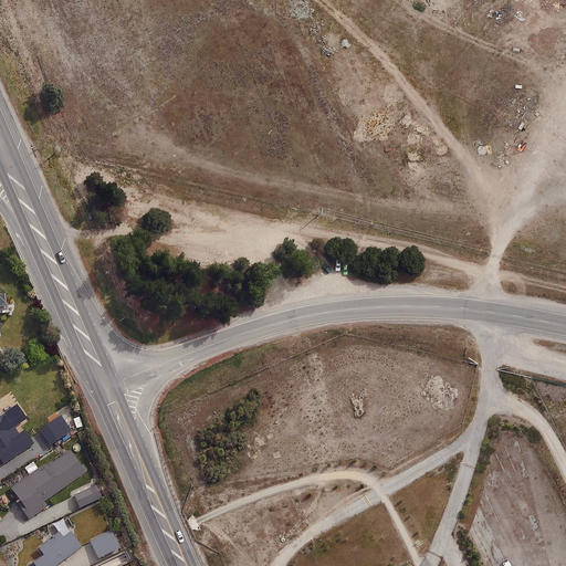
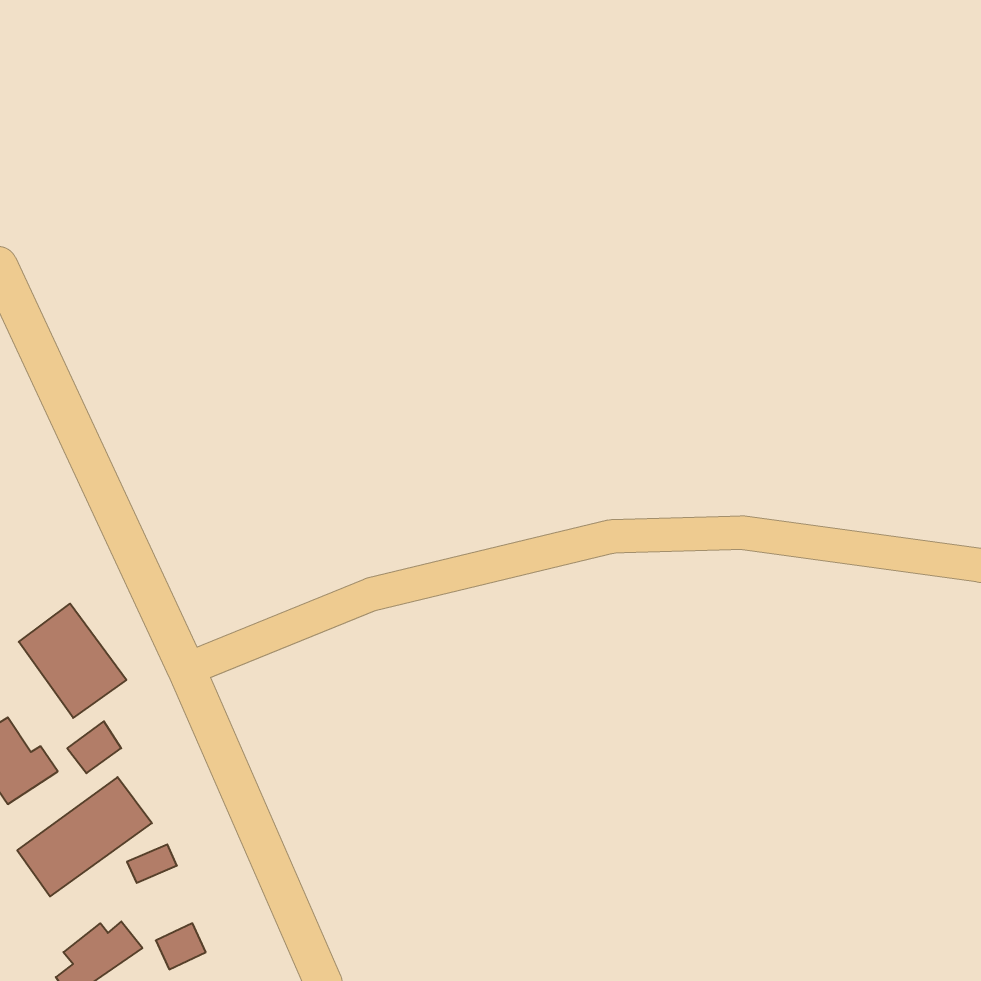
building: none -> [19,604,126,718]

